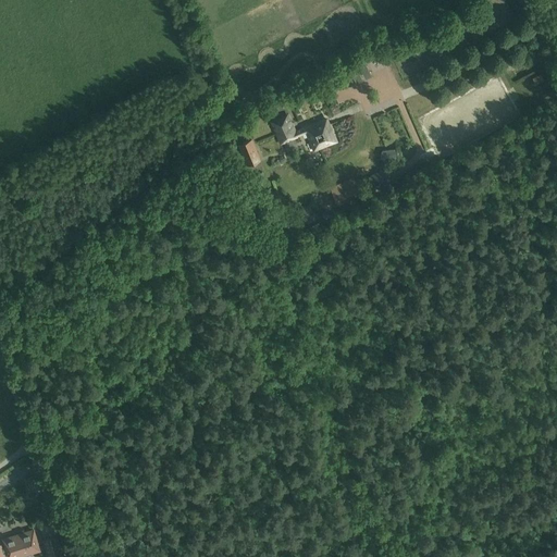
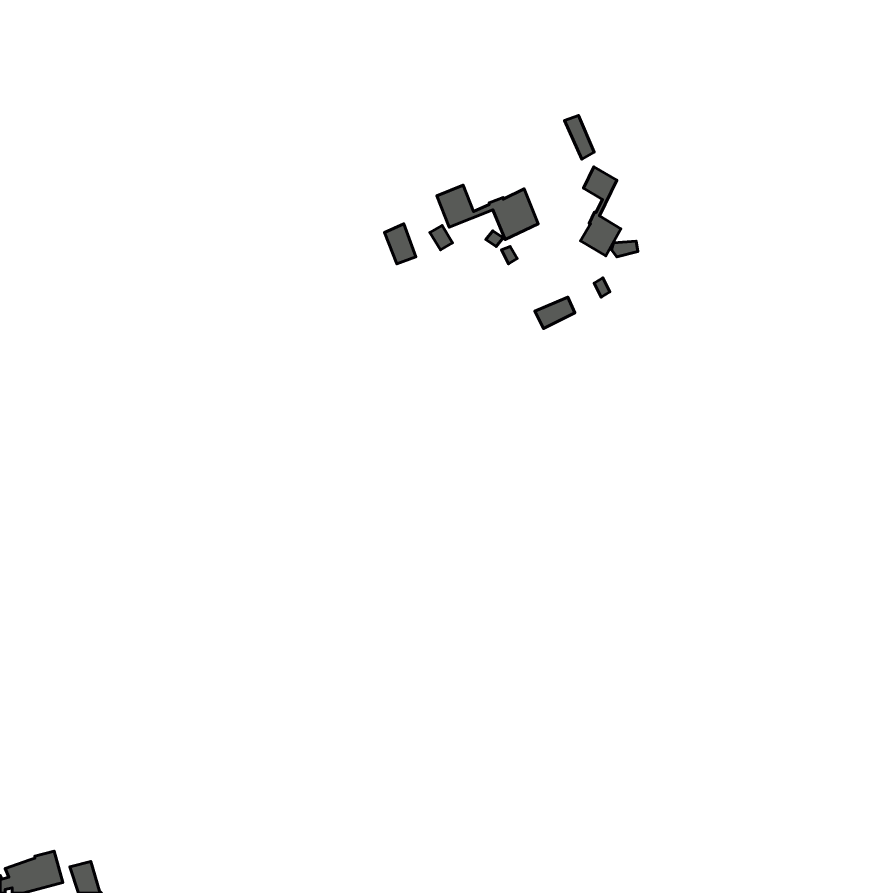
building: none -> [580,167,621,256]

